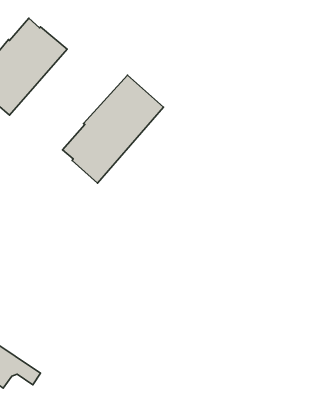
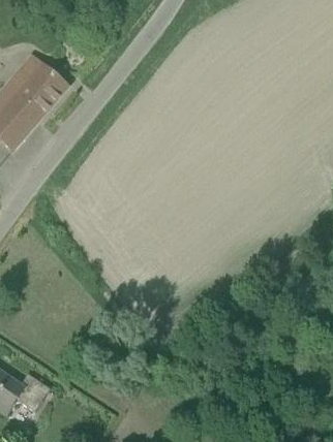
building: [62,75,164,183] -> none

